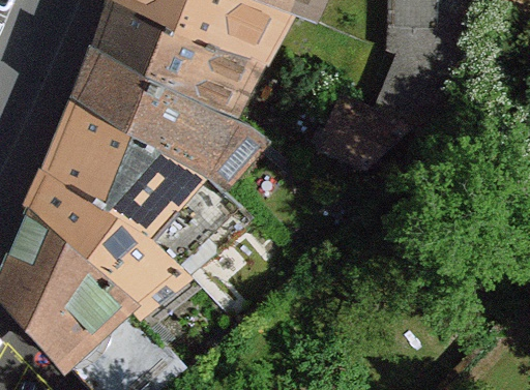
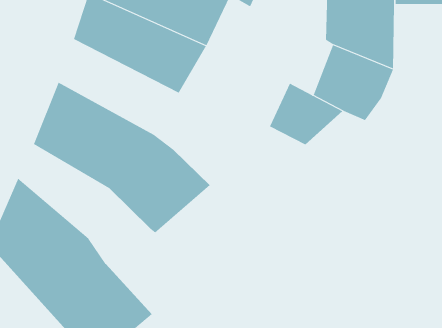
building: [72,49,247,177] -> none
building: [26,171,179,309] -> none

